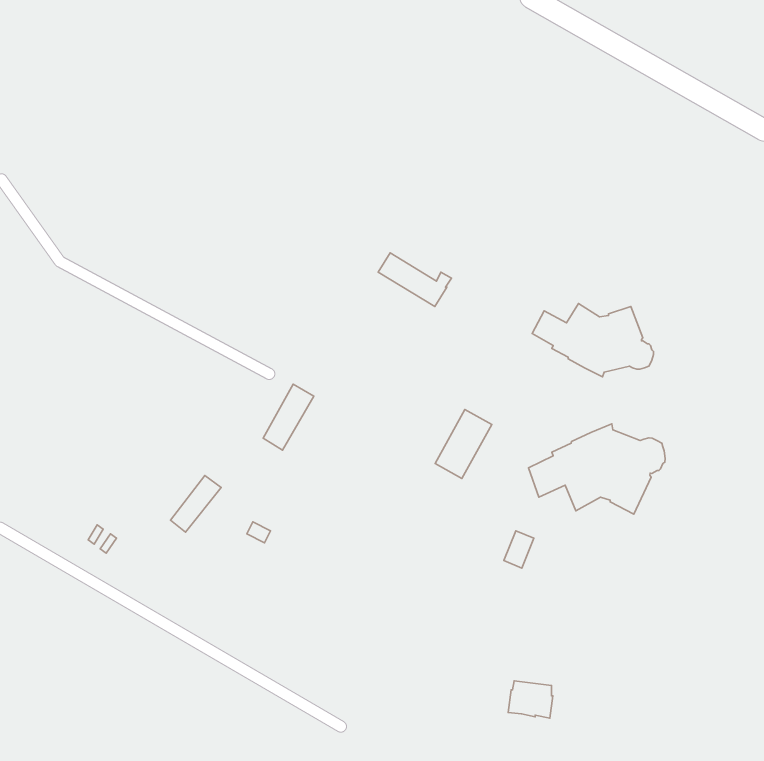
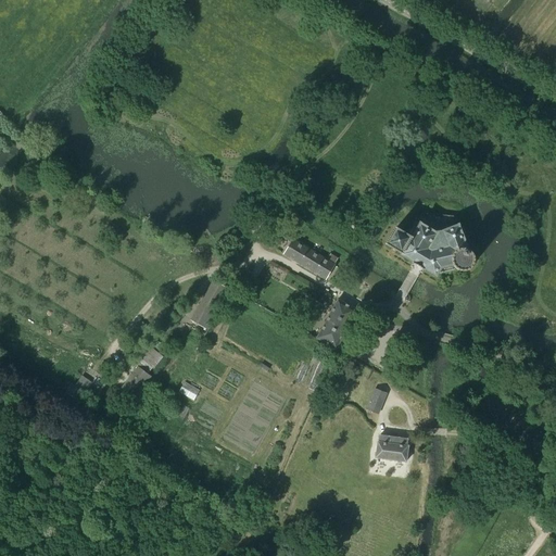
building: [378,253,451,307] -> [285,238,338,277]
building: [528,424,665,514] -> none
building: [508,681,553,718] -> [376,433,408,460]

